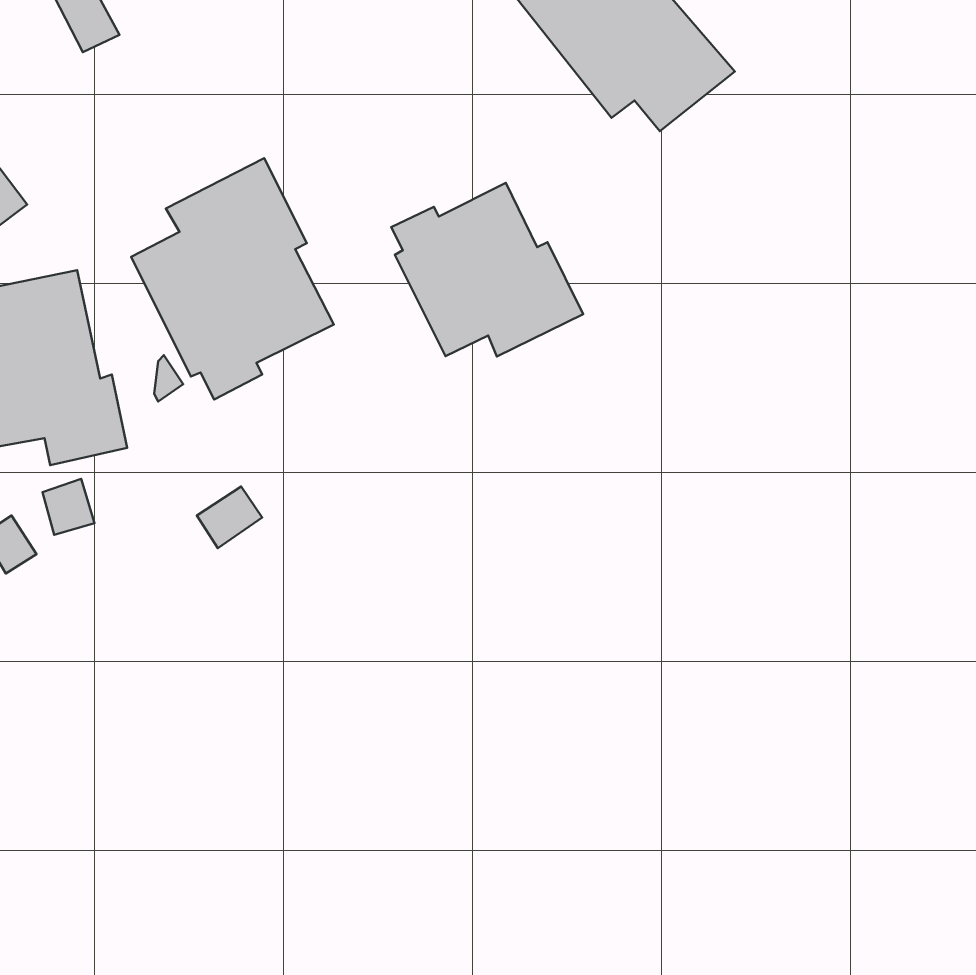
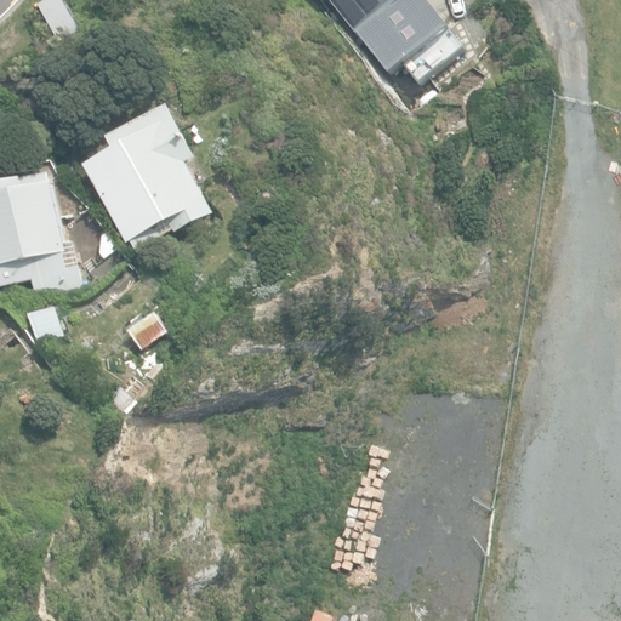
building: [391,183,583,356] -> none

